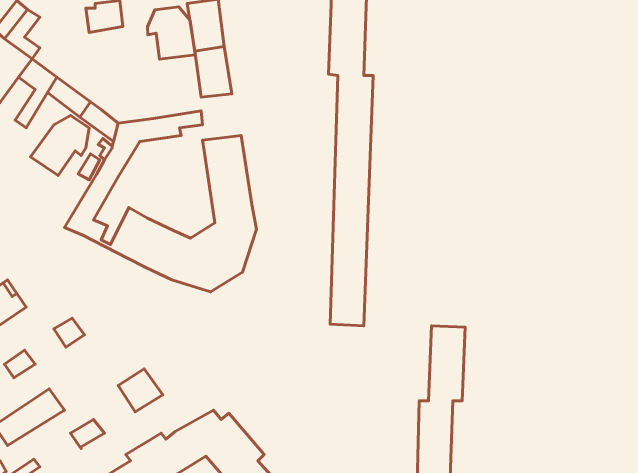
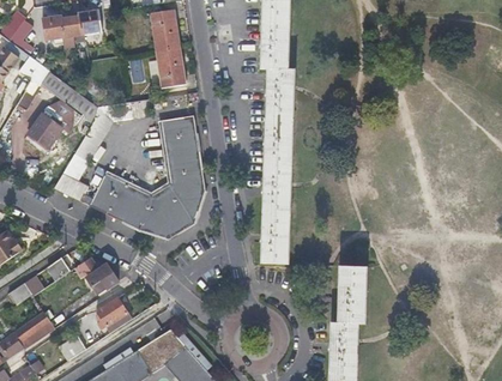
building: none -> [42,14,73,38]
building: [148,7,195,59] -> none
building: none -> [78,258,119,294]

